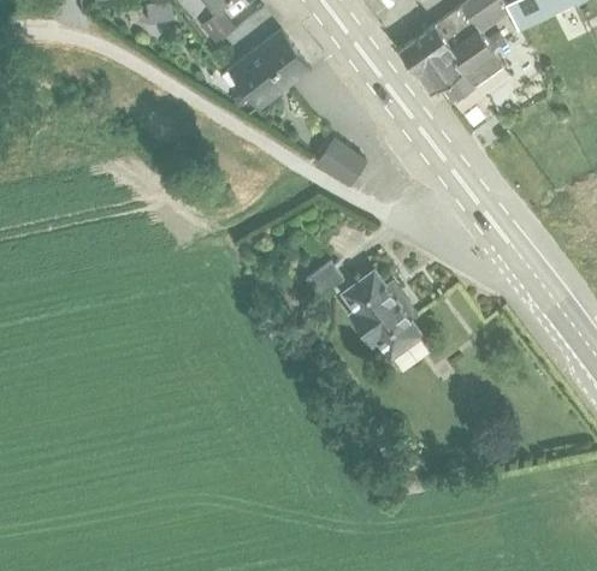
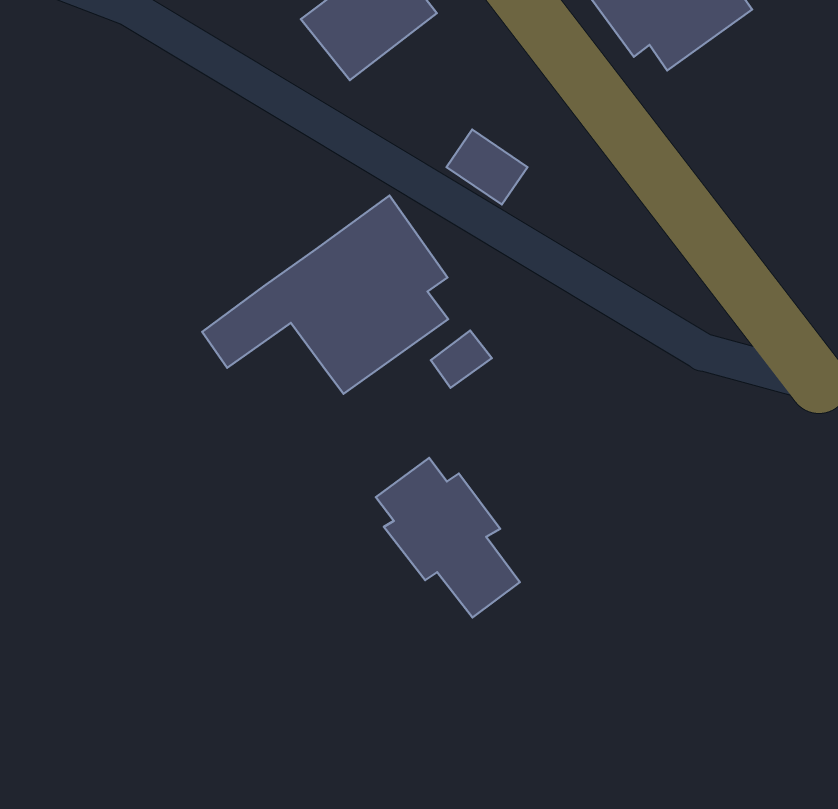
building: none -> [202,195,448,394]
building: [341,270,428,368] -> [376,458,520,617]

